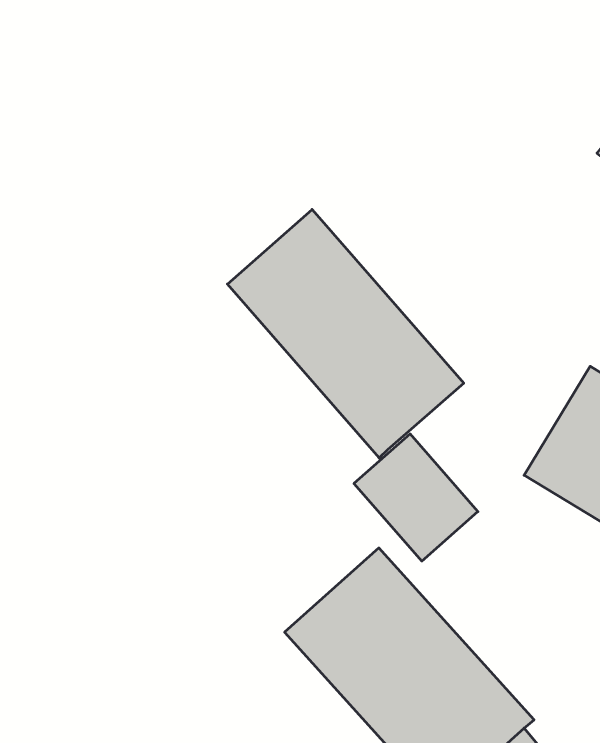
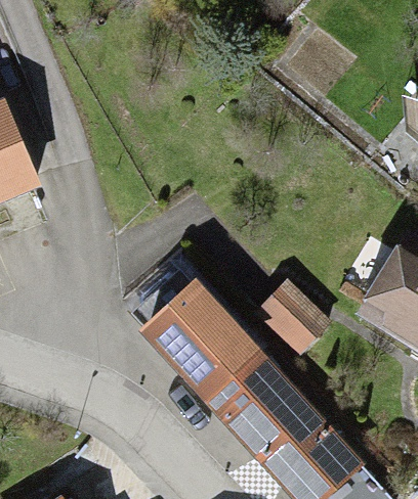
building: [227,209,464,458] -> none
building: none -> [139,278,267,408]

